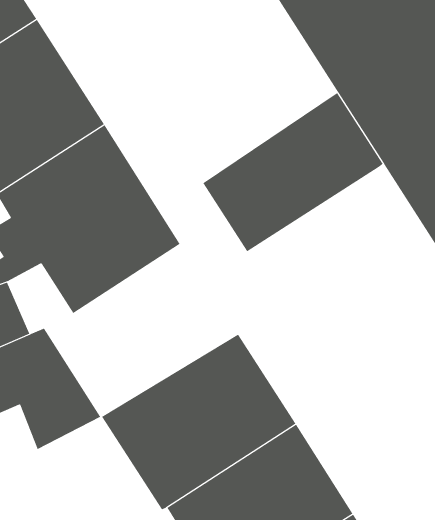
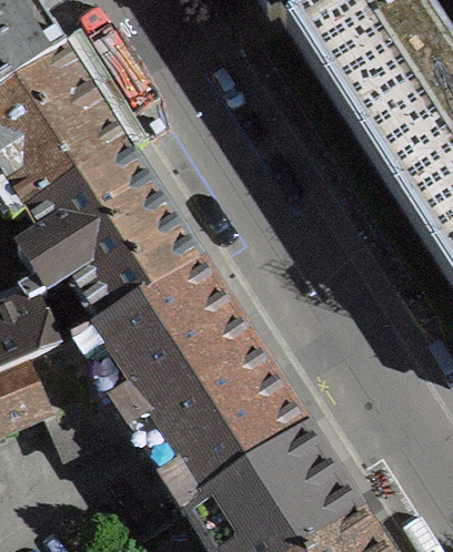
building: [202,92,383,252] -> none
building: none -> [72,251,254,412]

